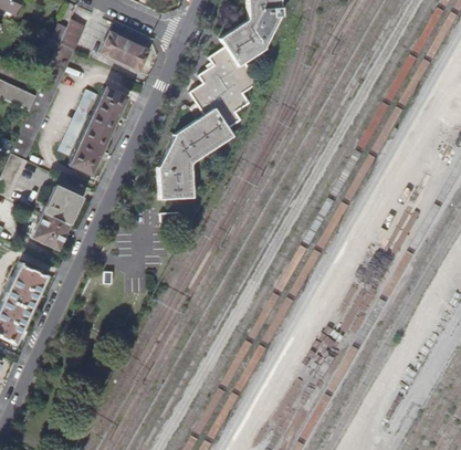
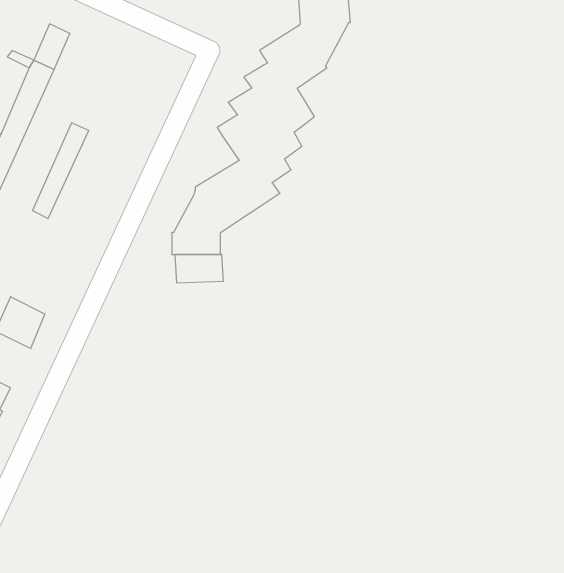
building: [98,34,147,72] -> none
building: [70,86,126,175] -> none
building: [44,186,81,223] -> none

